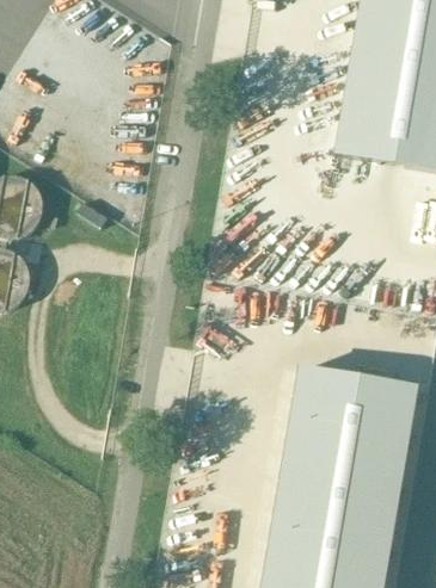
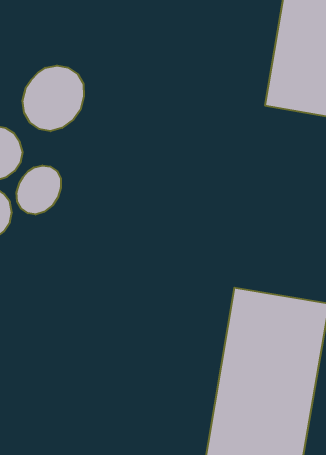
building: none -> [23,65,84,131]
building: none -> [17,165,61,215]

